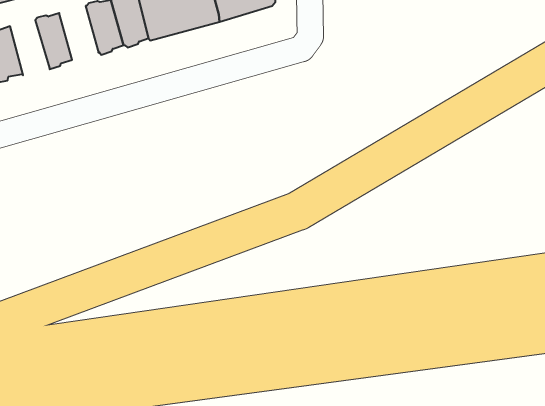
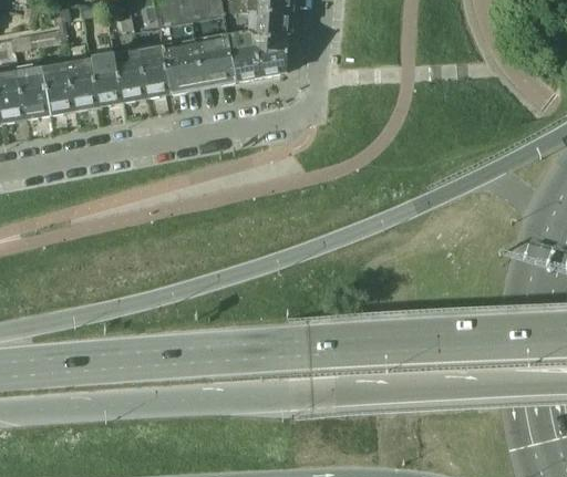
building: none -> [89,53,121,103]
building: none -> [43,62,75,112]

